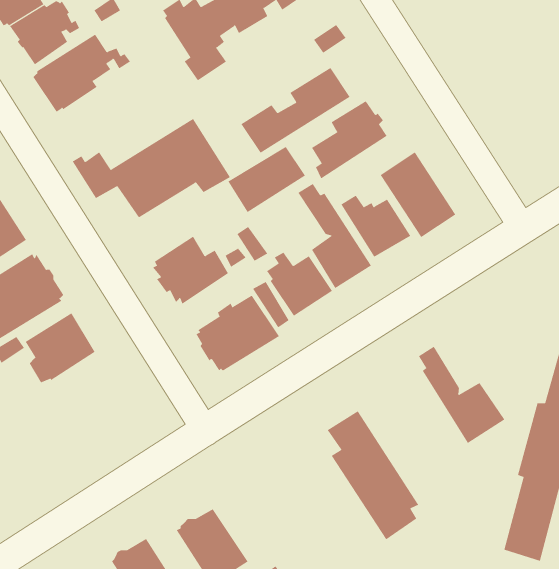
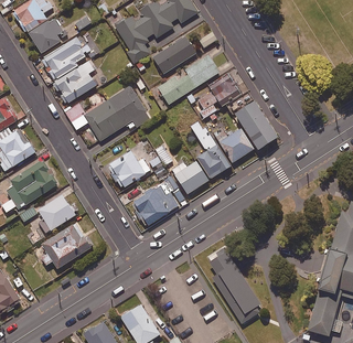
building: none -> [53,60,97,105]
building: [227,146,306,213] -> [152,37,196,75]
building: [418,346,505,444] -> none
building: none -> [41,224,94,271]

